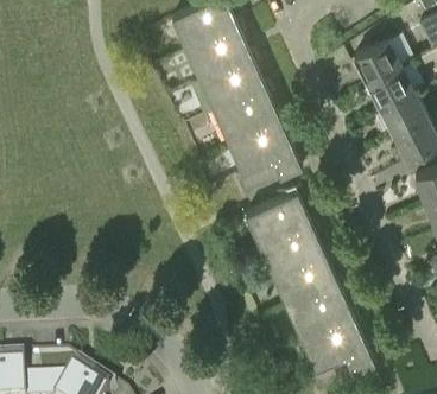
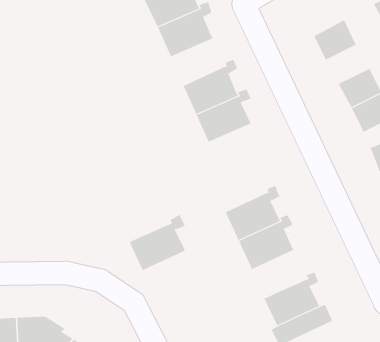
building: [202,53,261,113] -> none
building: [368,69,416,110] -> none
building: [235,151,303,196] -> none
building: [246,188,306,248] -> [129,214,185,271]
building: [289,281,349,341] -> none

